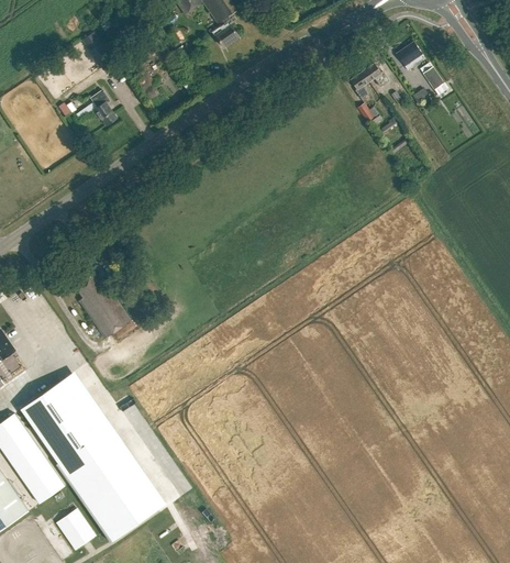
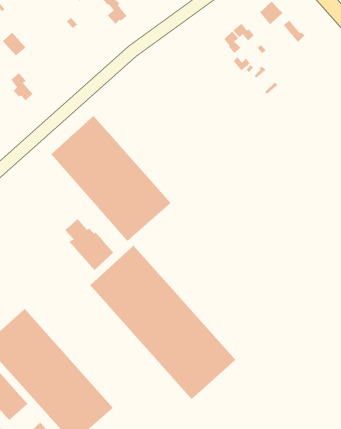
building: none -> [51,115,172,242]
building: [74,273,130,338] -> [64,218,114,271]
building: none -> [90,245,236,400]

